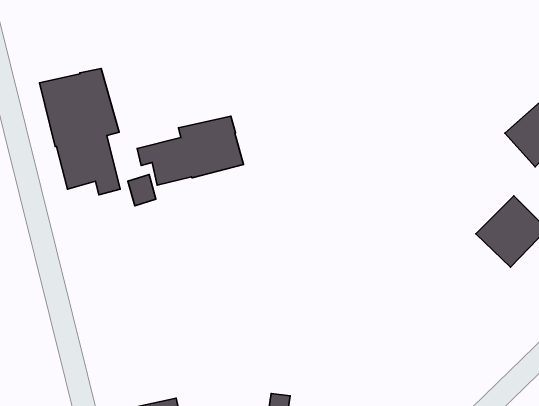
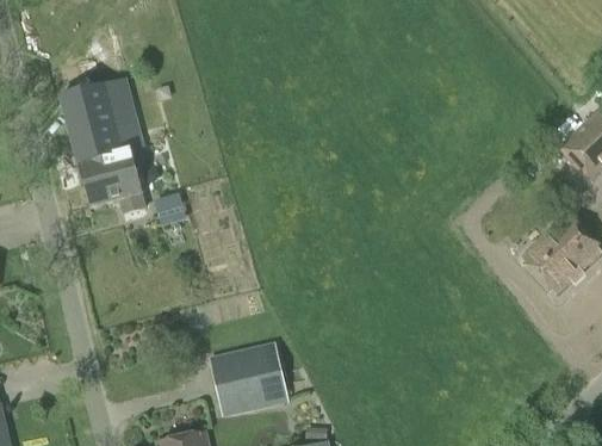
building: [137,116,244,185] -> none
building: none -> [210,341,290,416]

